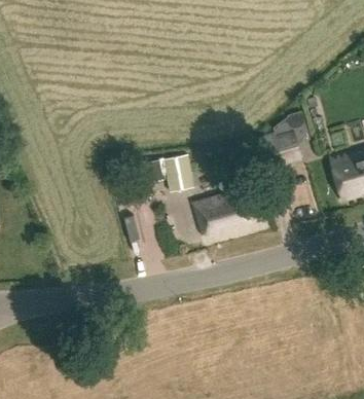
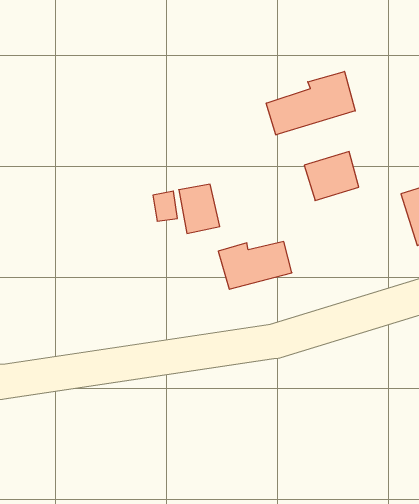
building: none -> [266,71,355,135]

